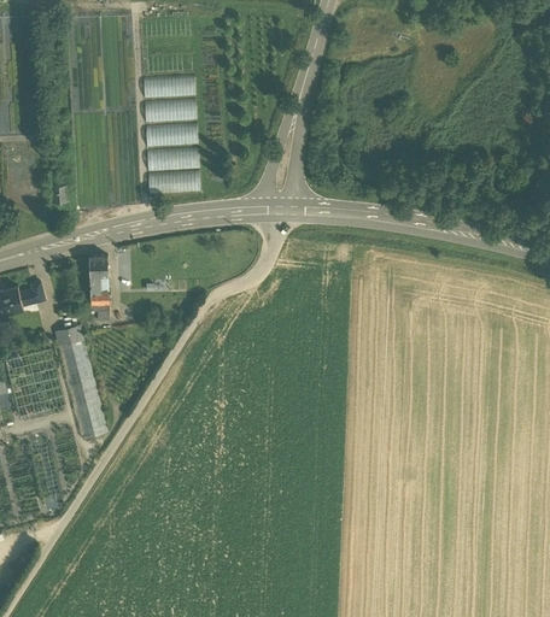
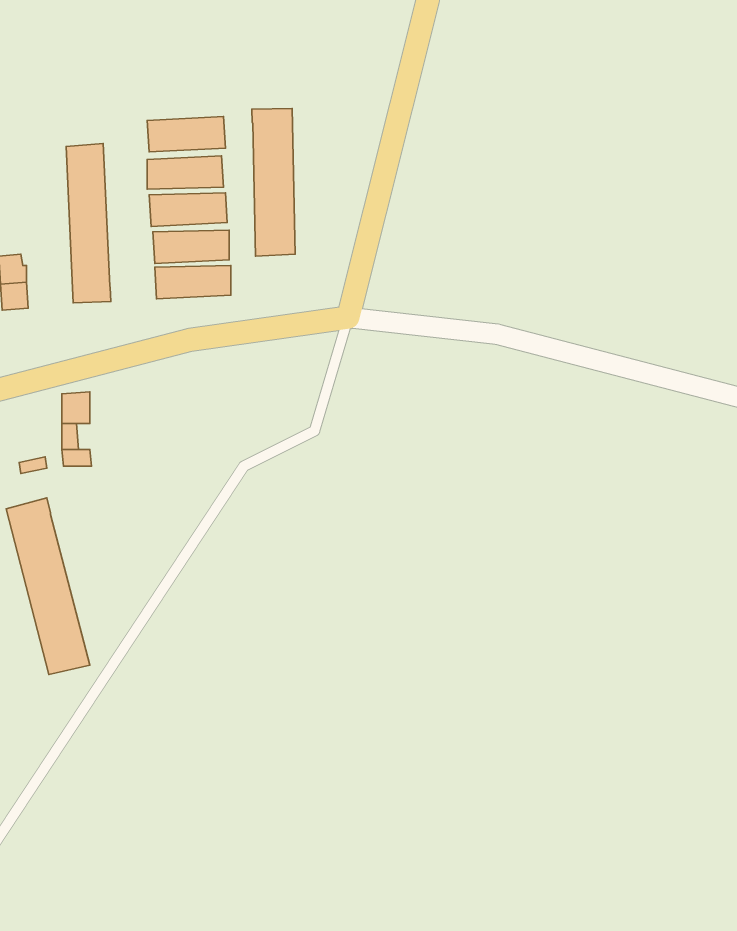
building: none -> [252,109,295,256]
building: none -> [66,144,111,303]

